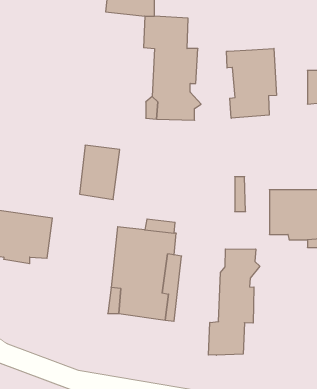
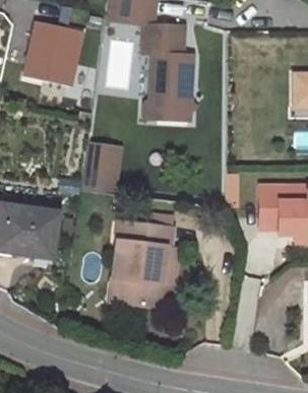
building: none -> [19,20,82,88]
building: [226,48,276,118] -> none
building: [208,249,260,355] -> none

